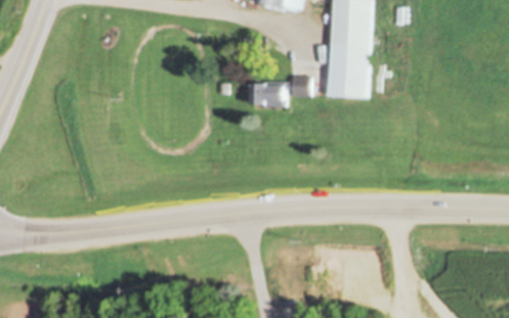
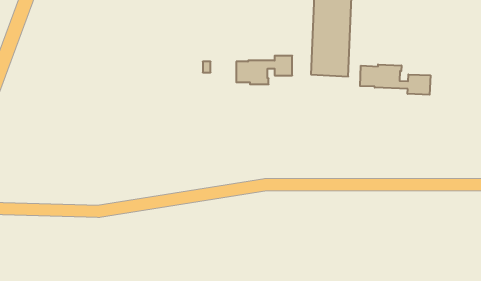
building: none -> [360,64,430,95]

